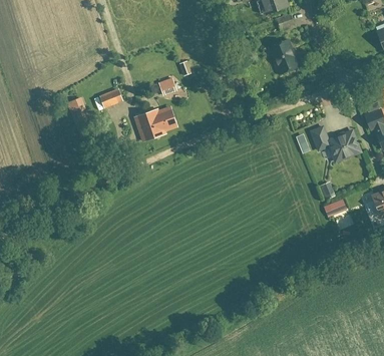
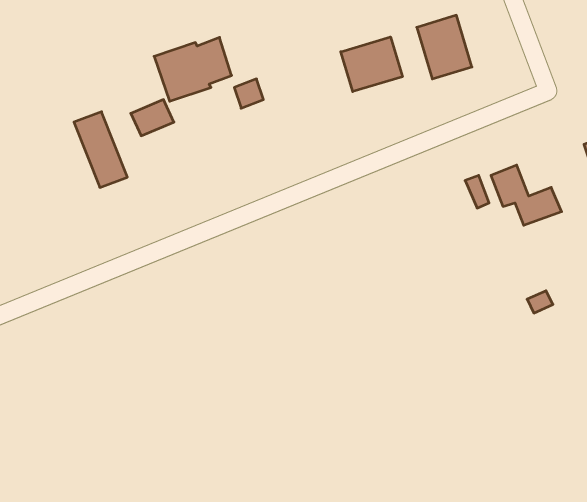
building: none -> [341,37,402,92]
building: [132,103,177,140] -> [154,37,232,101]

